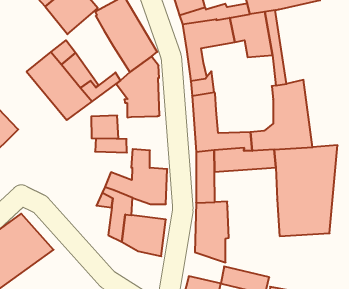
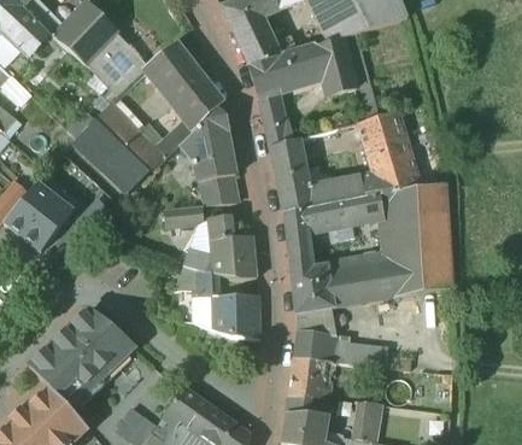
building: [91,116,118,139] -> [203,175,237,205]
building: none -> [328,254,393,306]
building: none -> [293,328,334,361]

